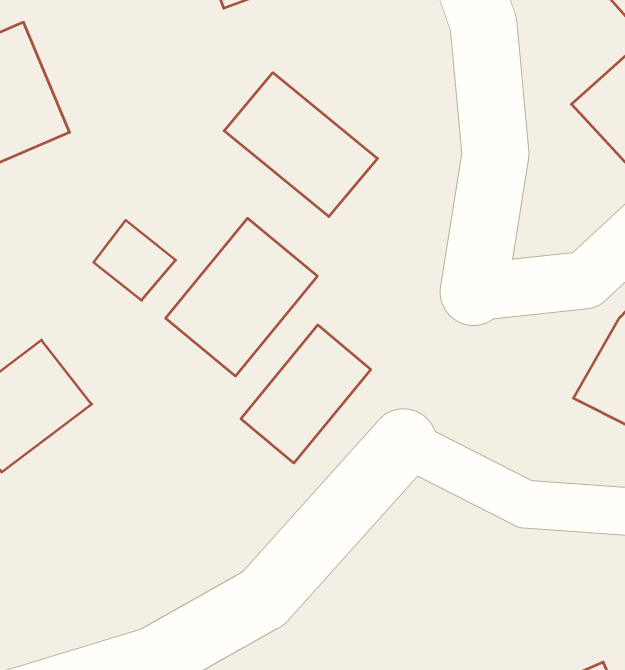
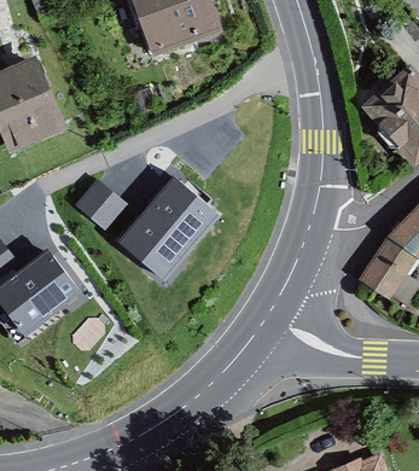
building: [224,73,378,217] -> none
building: [241,325,371,463] -> none

